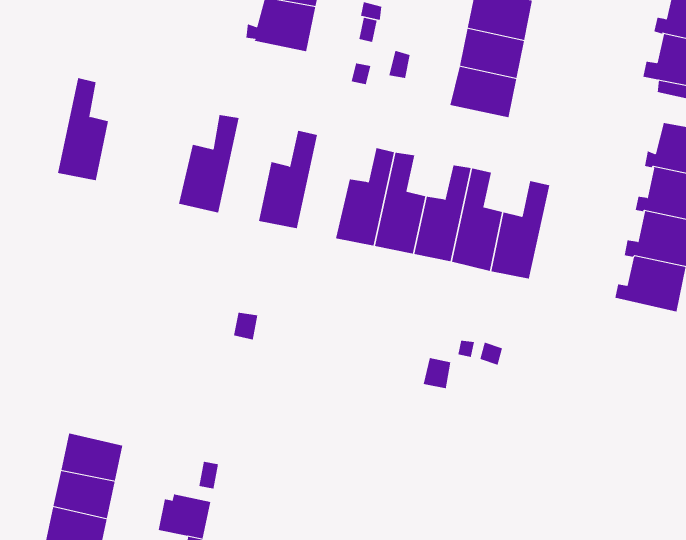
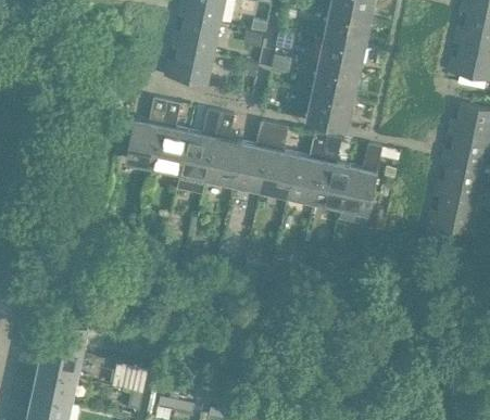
building: none -> [163,49,213,87]
building: [57,77,109,181] -> [152,102,188,174]
building: none -> [306,93,353,129]
building: none -> [206,114,242,186]

